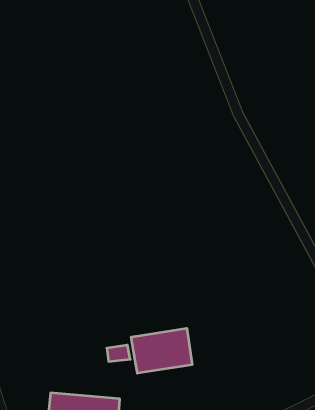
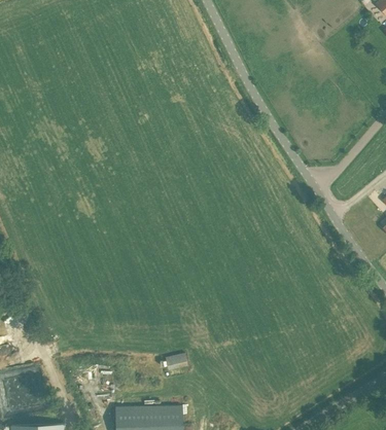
building: [131,328,192,373] -> none

